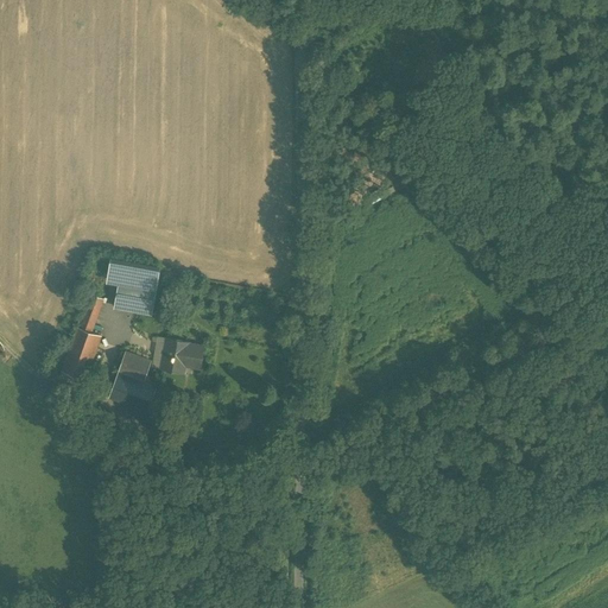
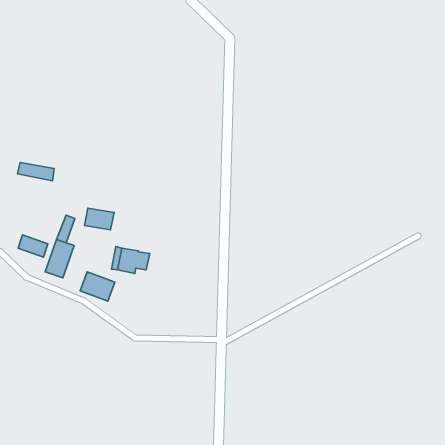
building: [108,264,158,289] -> [18,162,54,181]
building: none -> [18,235,48,257]
building: [119,352,151,380] -> none

